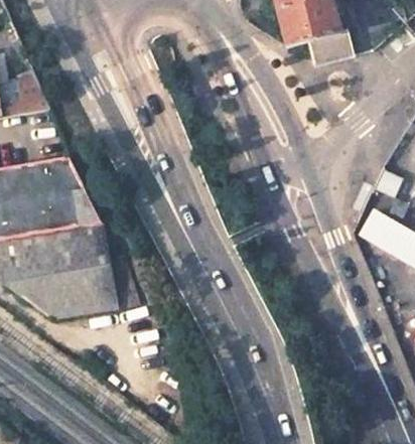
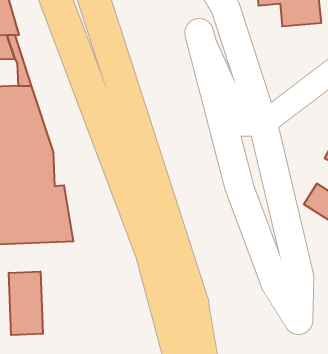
building: none -> [9,271,43,335]

